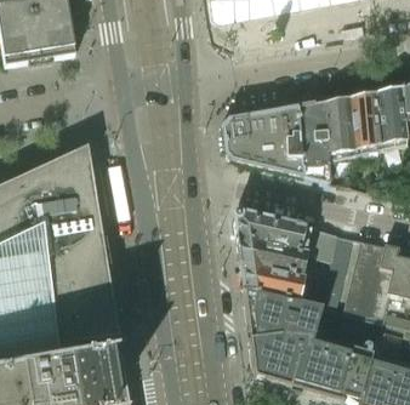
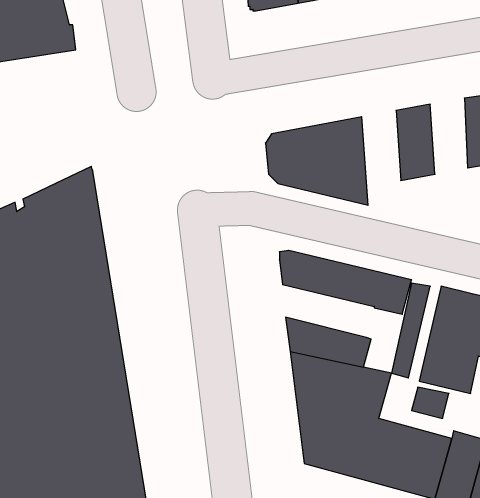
building: [352,91,381,150] -> none
building: [298,101,331,181] -> none
building: [237,236,308,278] -> none

